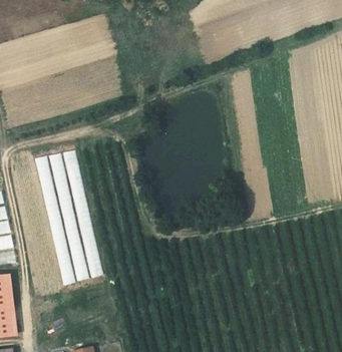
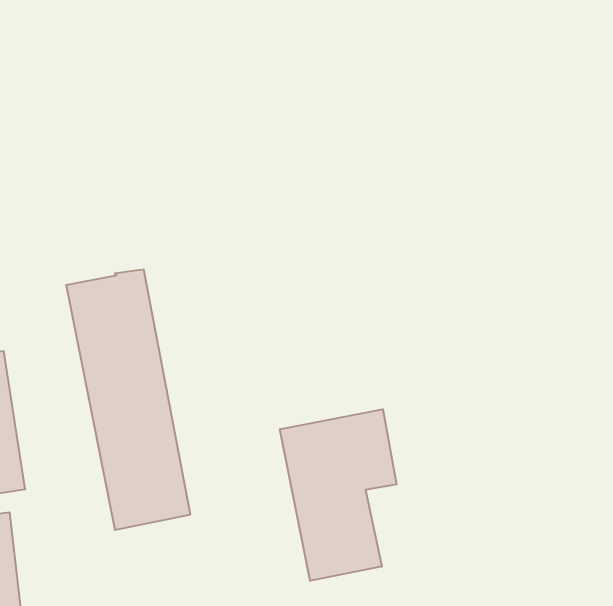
building: none -> [280,409,397,581]

